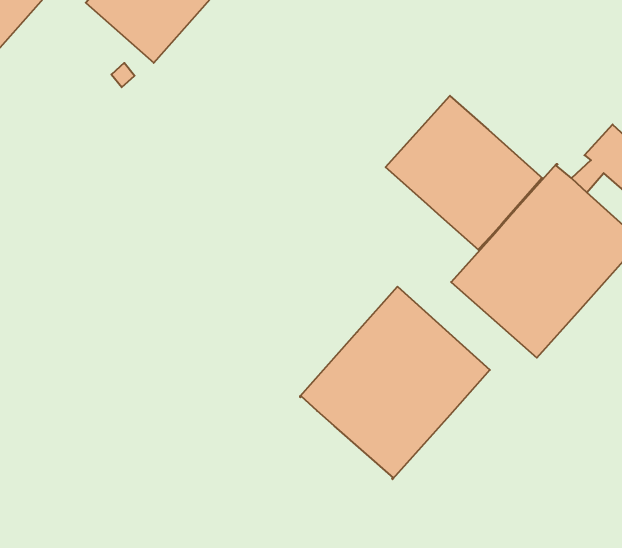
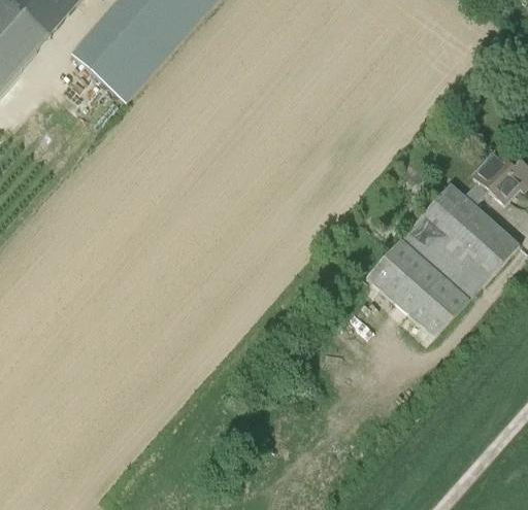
building: [386,96,543,250] -> none
building: [300,287,490,479] -> none

